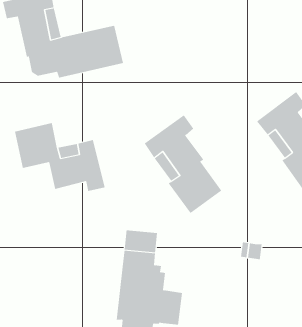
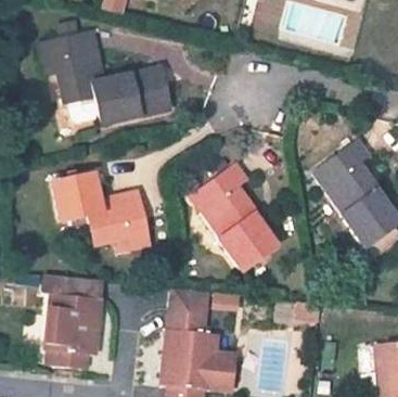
building: none -> [42,274,101,369]

